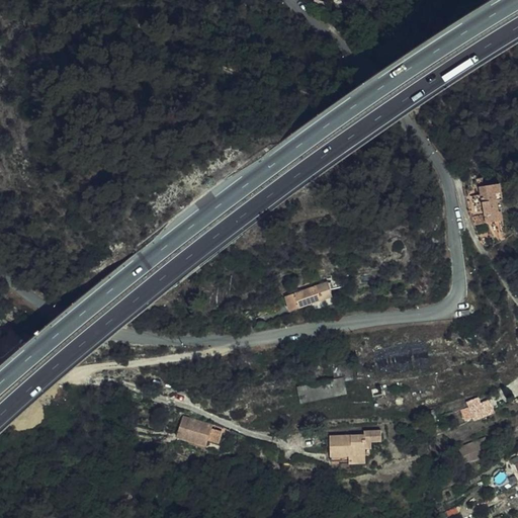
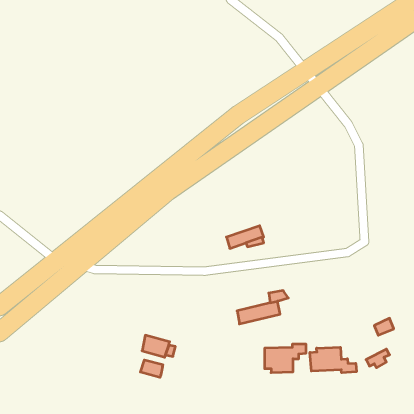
building: [479,184,502,223] -> none
building: none -> [310,347,356,373]
building: none -> [140,360,163,377]

